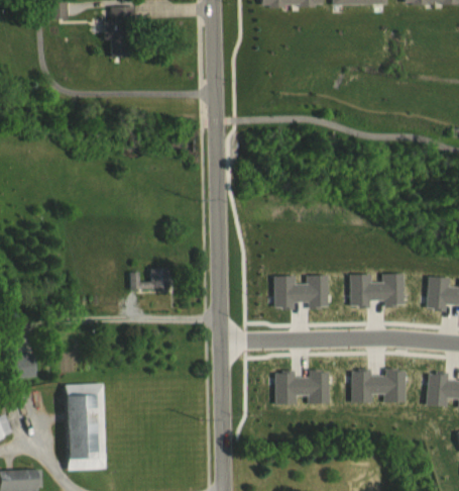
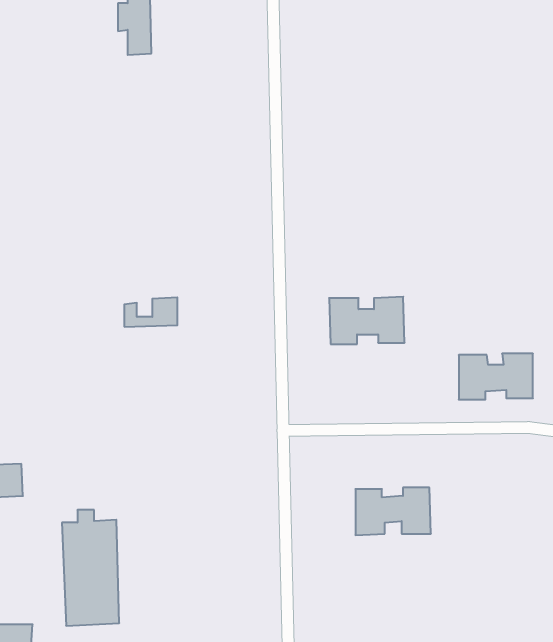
building: [129,268,167,289] -> [124,297,177,327]
building: [273,275,328,309] -> [329,297,405,344]
building: [351,369,406,403] -> none

